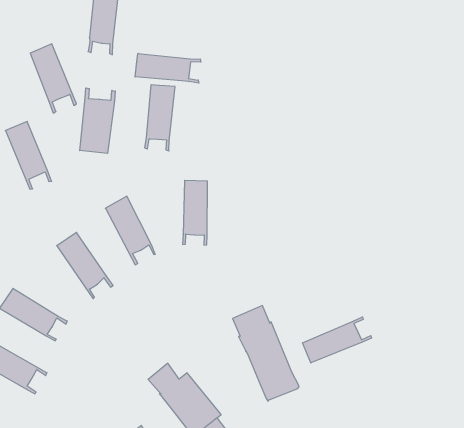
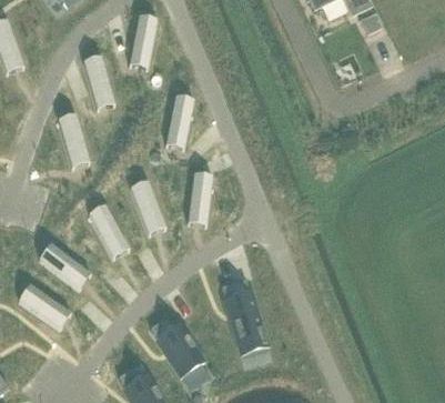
building: [135,53,201,83] -> none
building: [80,88,115,153] -> none
building: [302,317,371,363] -> none

